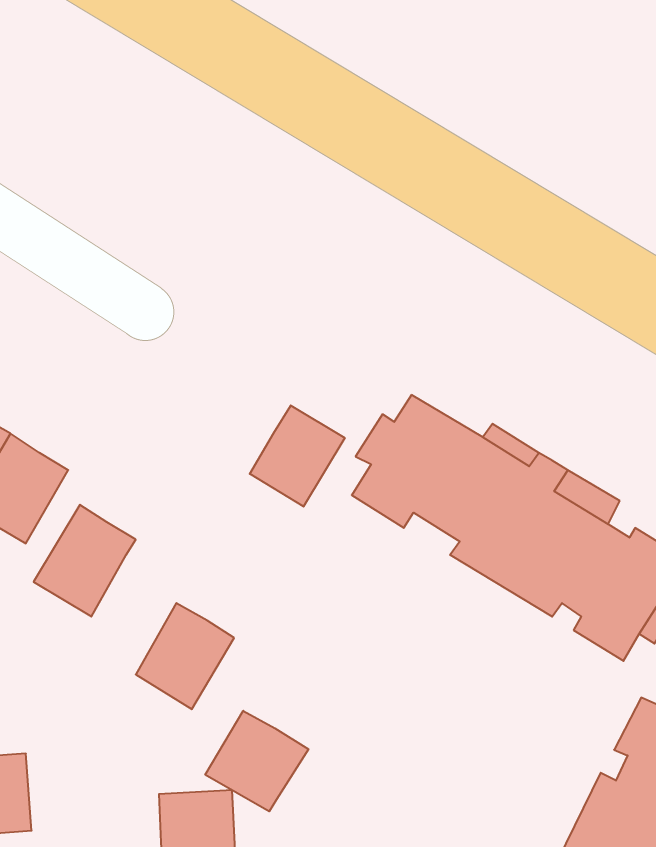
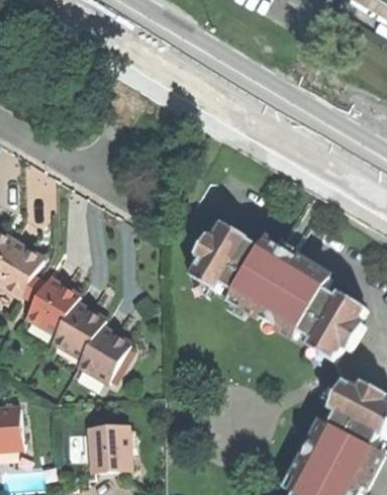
building: [250,405,345,507] -> none
building: none -> [50,303,103,359]
building: [205,711,308,811] -> none

